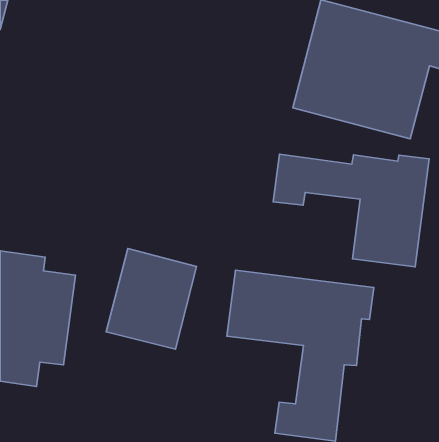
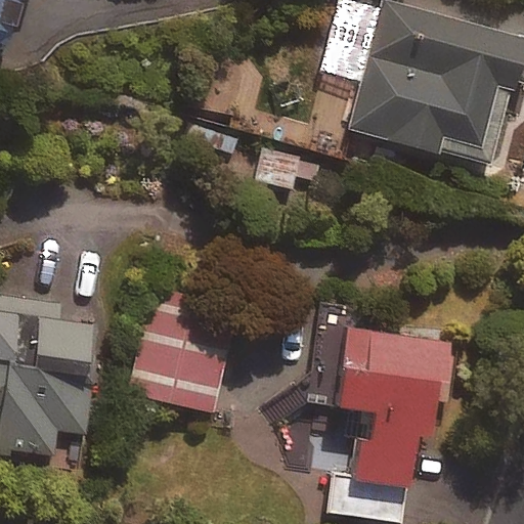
building: [273,154,429,267] -> none

